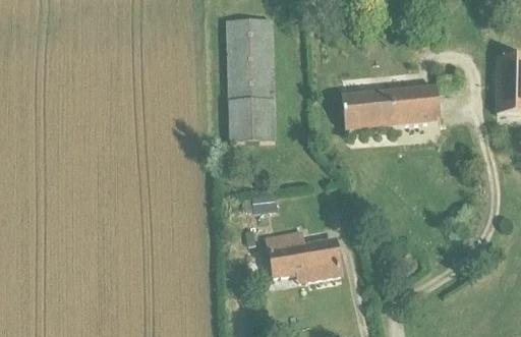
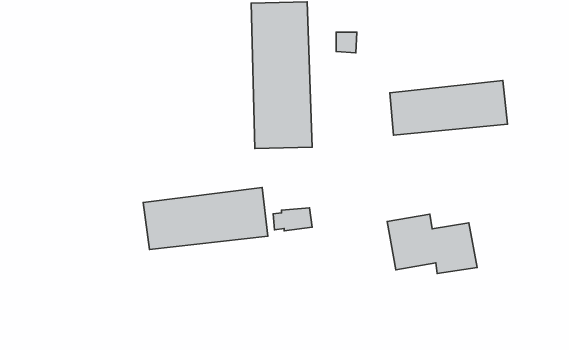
building: none -> [143,188,268,250]
building: [267,228,342,278] -> [387,214,477,274]

